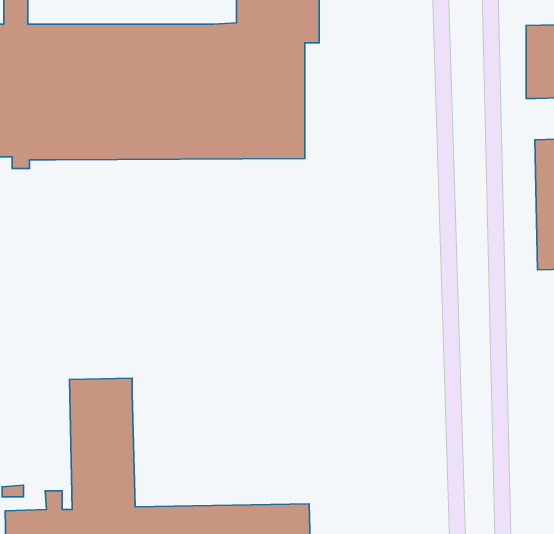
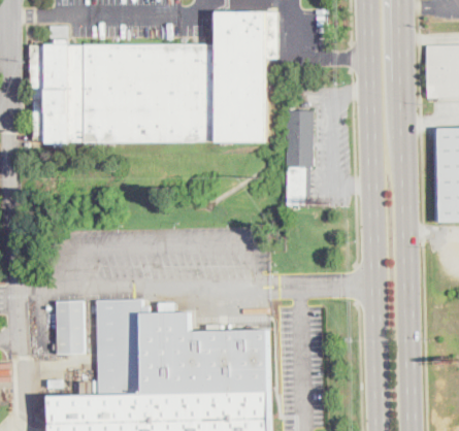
building: none -> [285,110,313,205]
building: none -> [55,301,84,355]
building: none -> [141,310,269,394]

